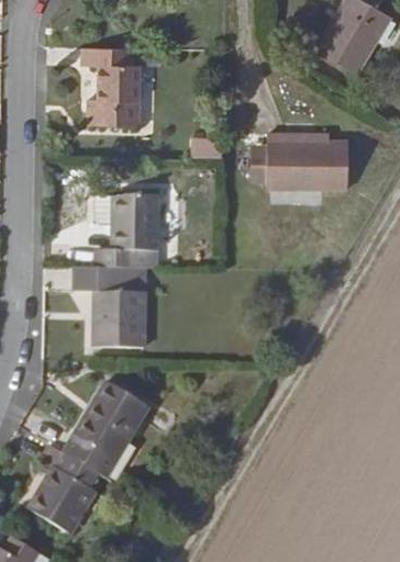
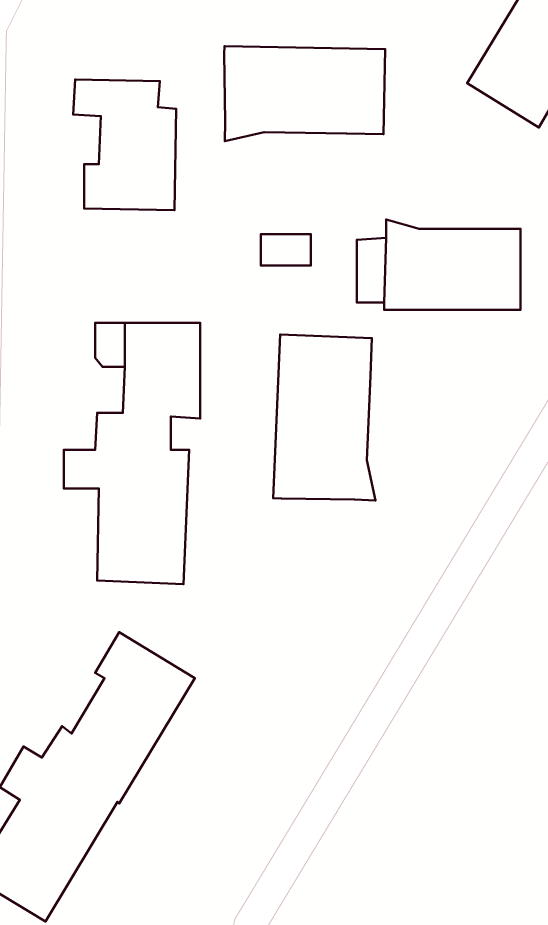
building: none -> [224,46,385,141]
building: none -> [273,334,376,500]

